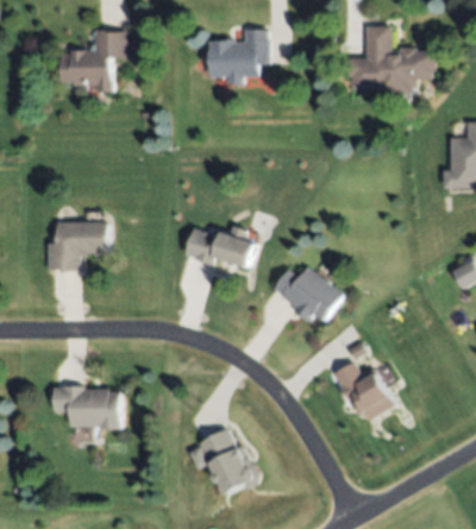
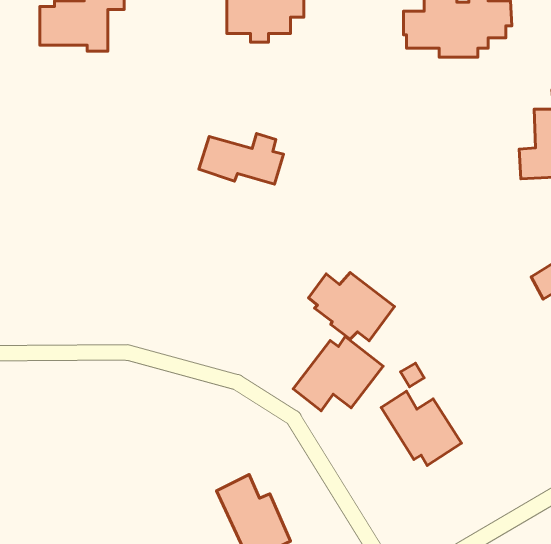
building: [46,222,106,271] -> none
building: [184,226,252,266] -> [199,134,283,184]
building: none -> [293,337,383,411]
building: [52,386,119,430] -> none

